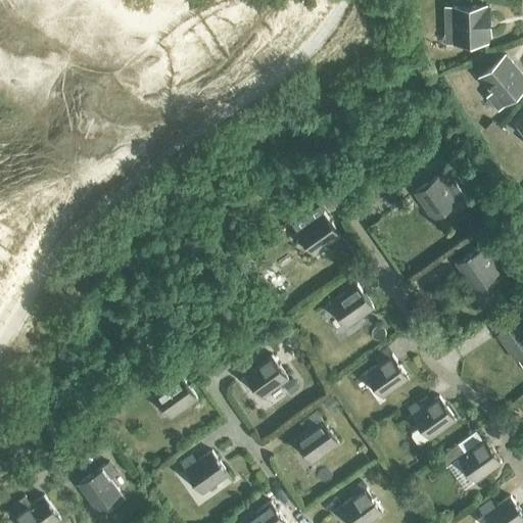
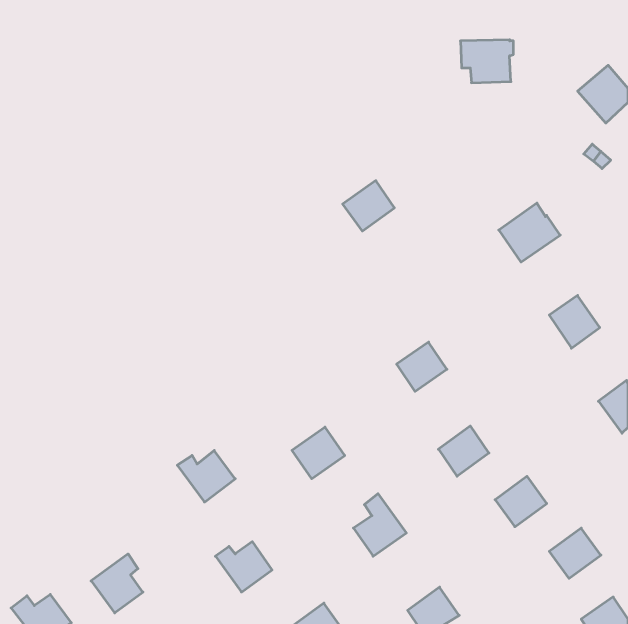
building: [444,9,488,45] -> [460,40,513,83]
building: [295,217,338,258] -> [343,181,394,231]

